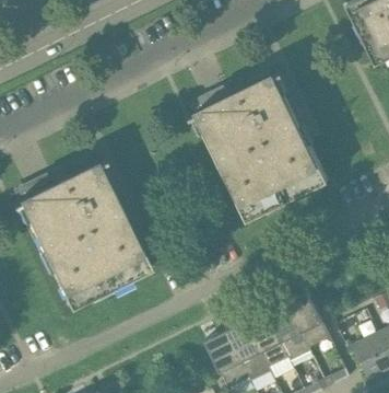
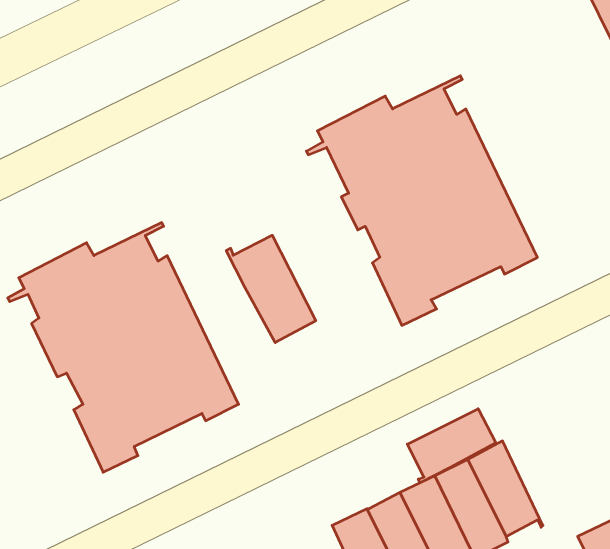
building: none -> [226,235,316,343]
building: none -> [407,409,496,483]

